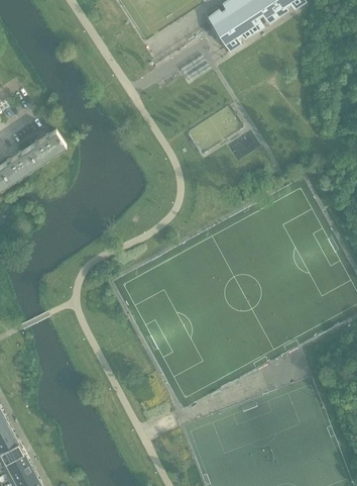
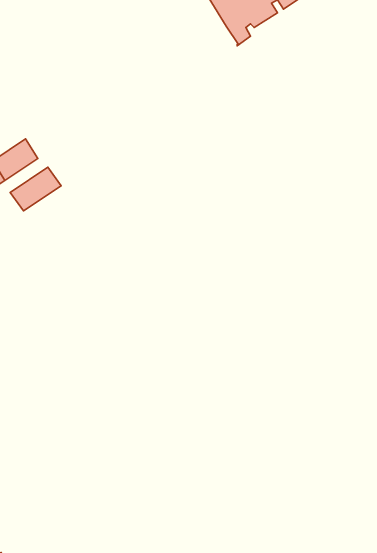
building: none -> [10,167,61,211]

